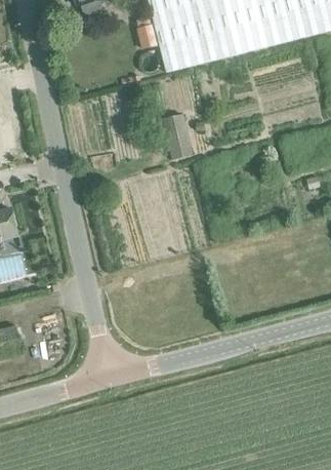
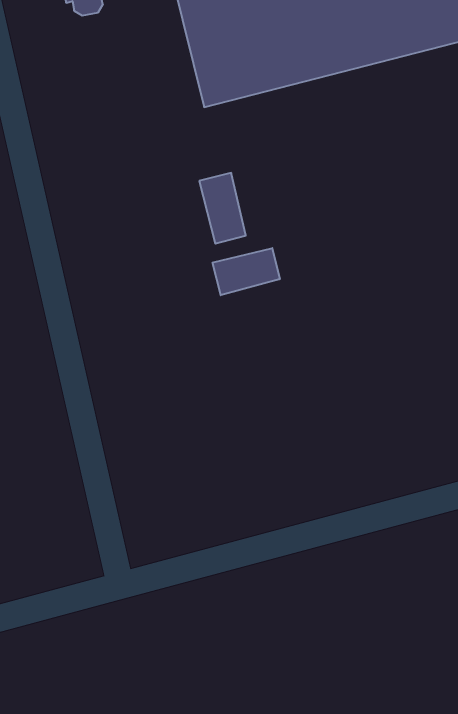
building: none -> [213,248,280,295]

